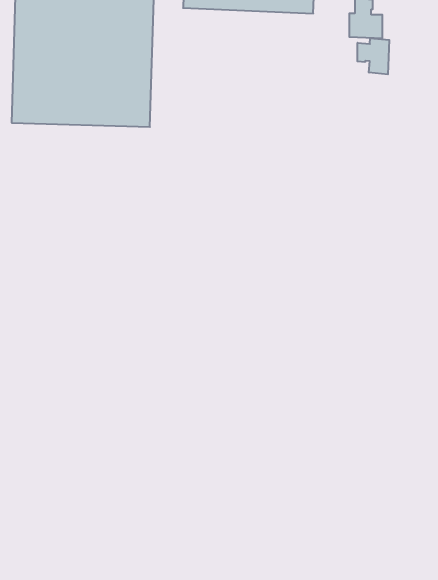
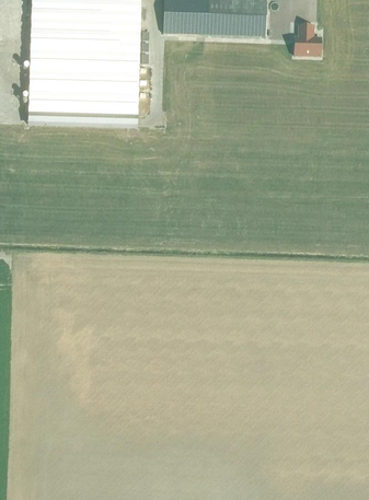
building: [357,38,389,74] -> none

